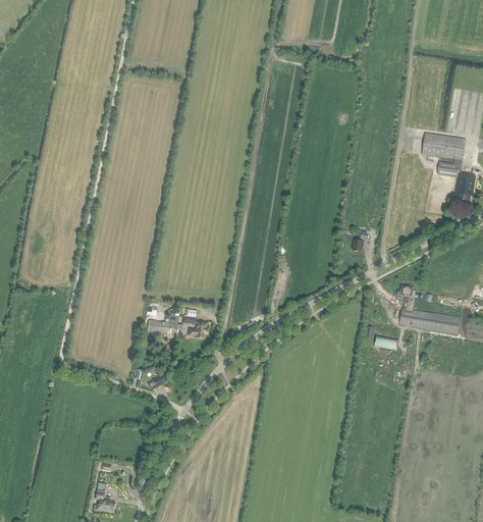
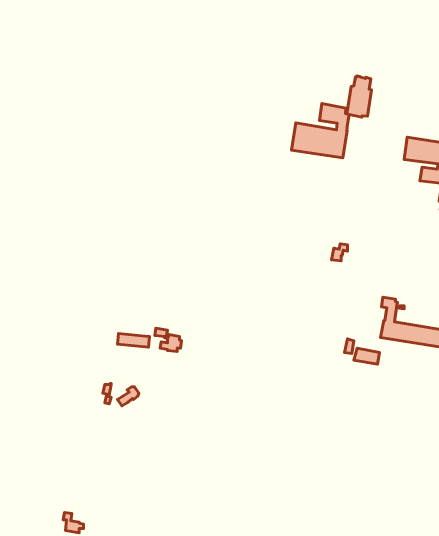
building: none -> [292,76,372,158]

